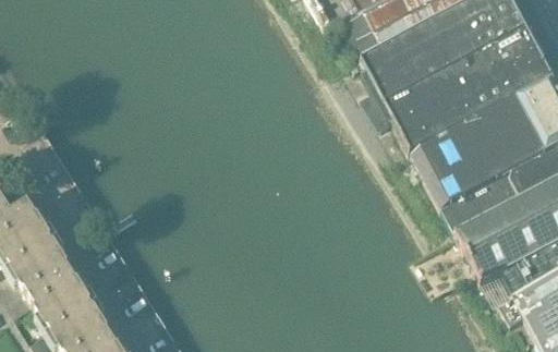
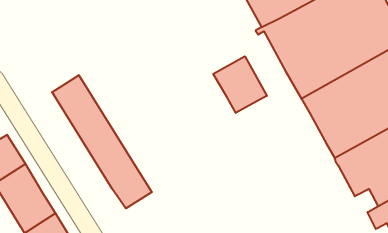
building: none -> [213,56,267,113]
building: none -> [52,75,152,208]

